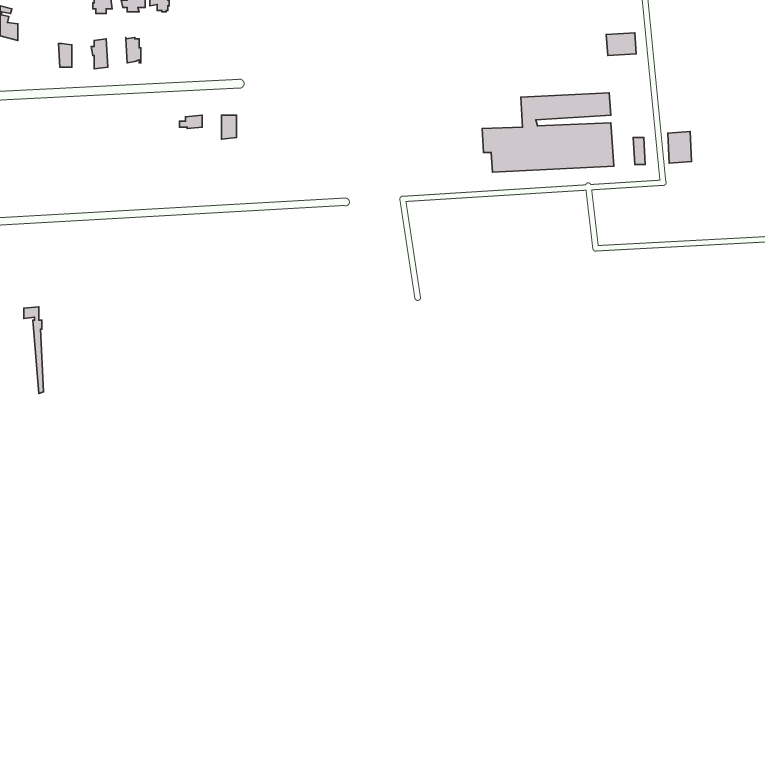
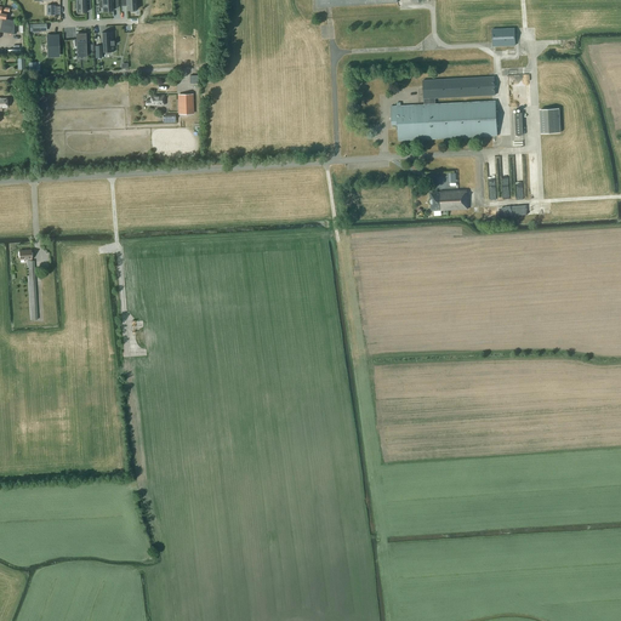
building: none -> [431,189,468,210]

